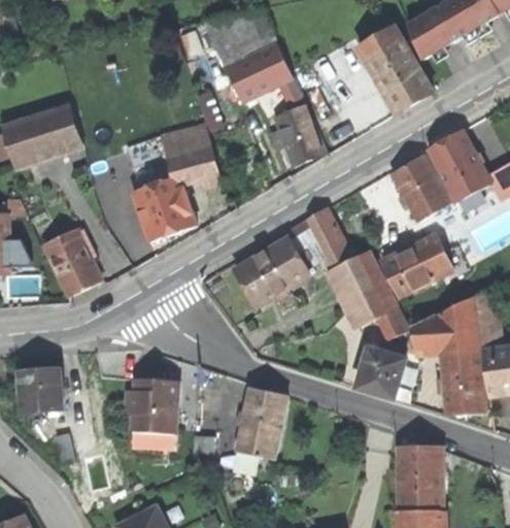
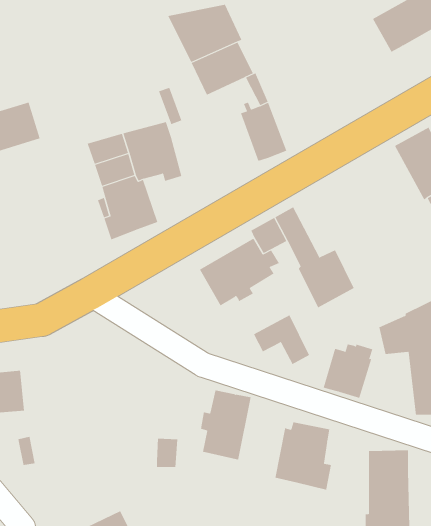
building: [358,25,433,112] -> none
building: [392,156,450,220] -> none
building: [44,228,101,296] -> none
building: [381,235,452,295] -> none
building: [351,289,407,338] -> [253,314,310,365]
building: [126,380,182,460] -> none
building: none -> [275,422,331,490]

